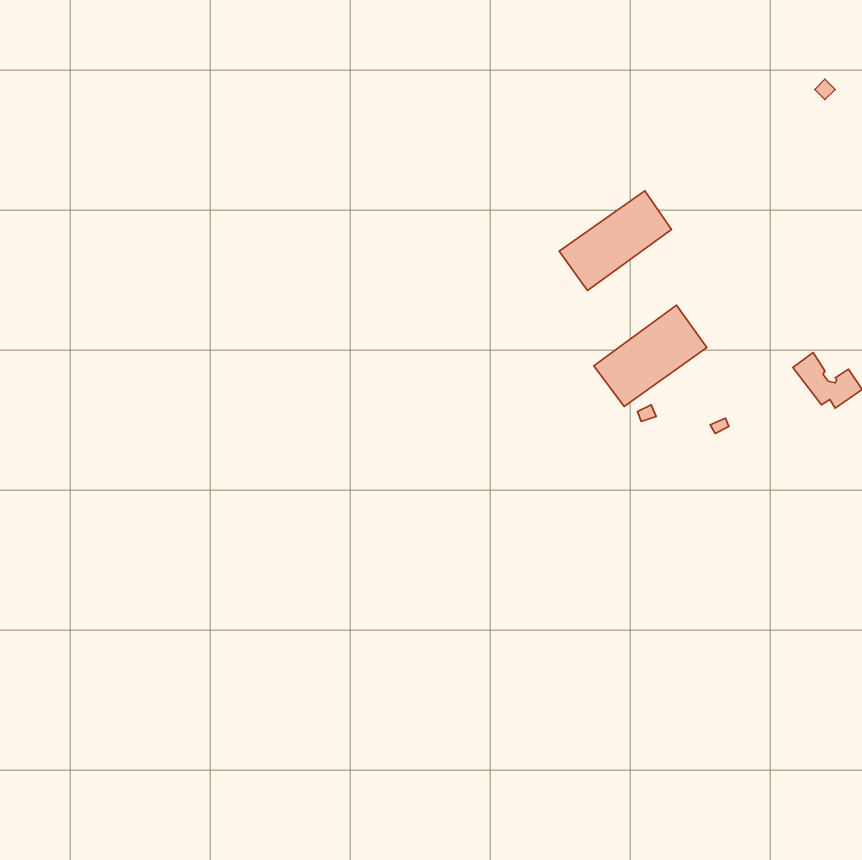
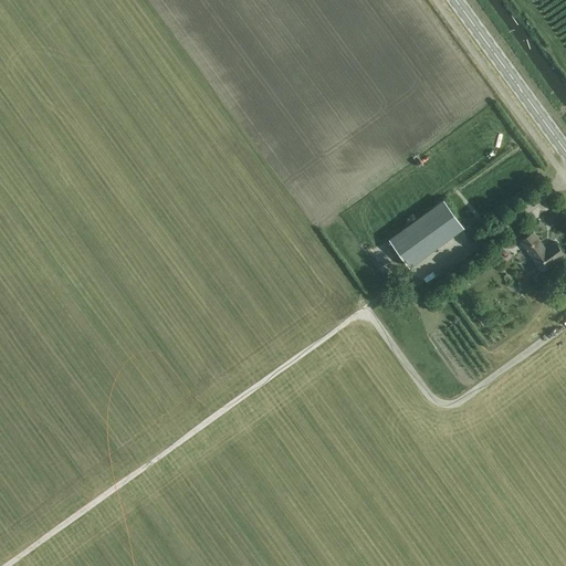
building: [559,191,672,290] -> none

